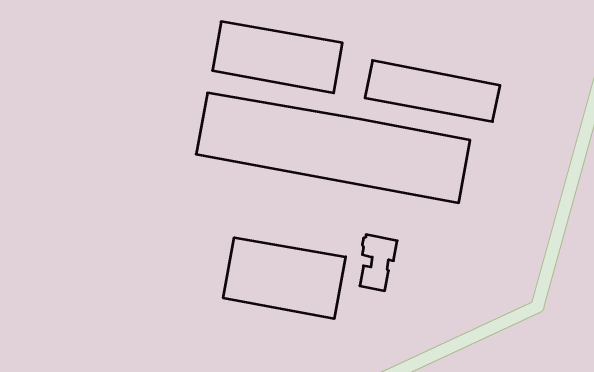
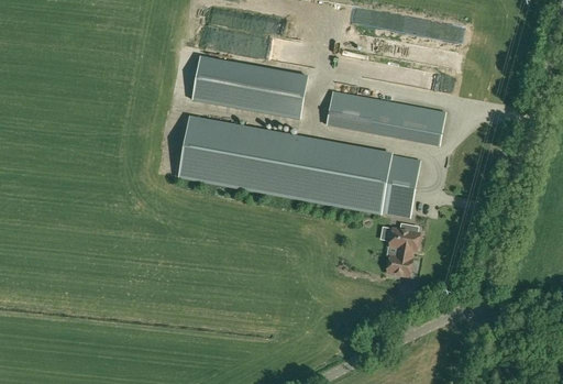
building: [360,235,397,291] -> [386,227,419,276]
building: [223,238,346,319] -> none

